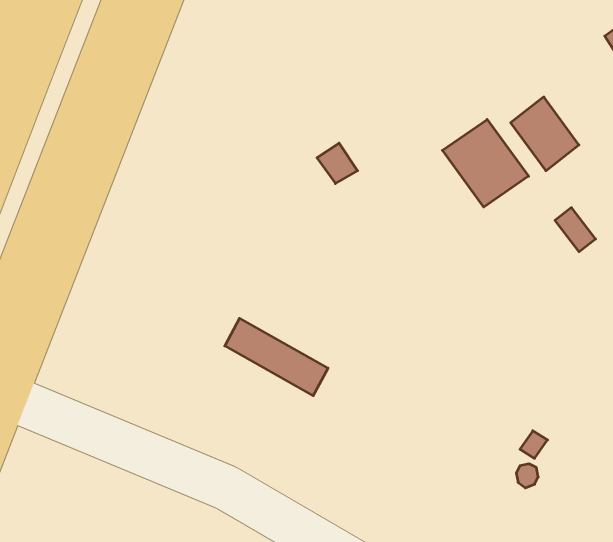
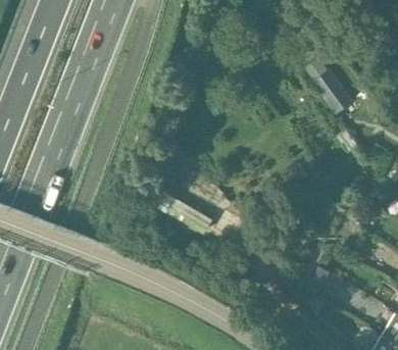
building: [442,119,529,207] -> none

